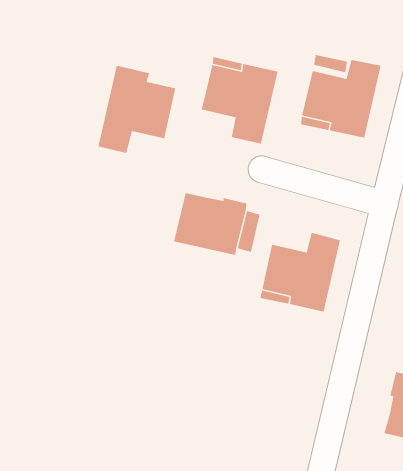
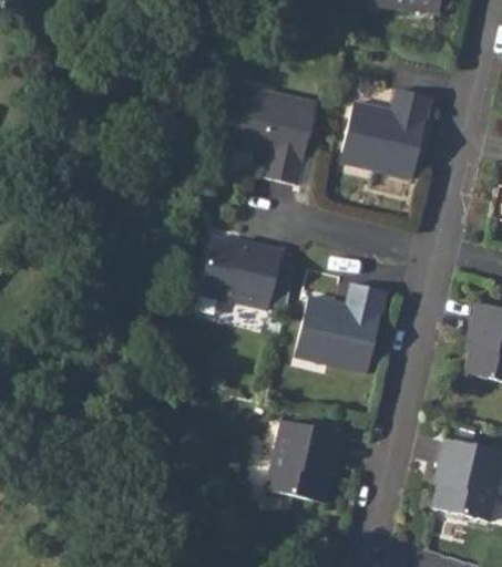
building: [97,65,176,154] -> none
building: none -> [265,420,340,501]

